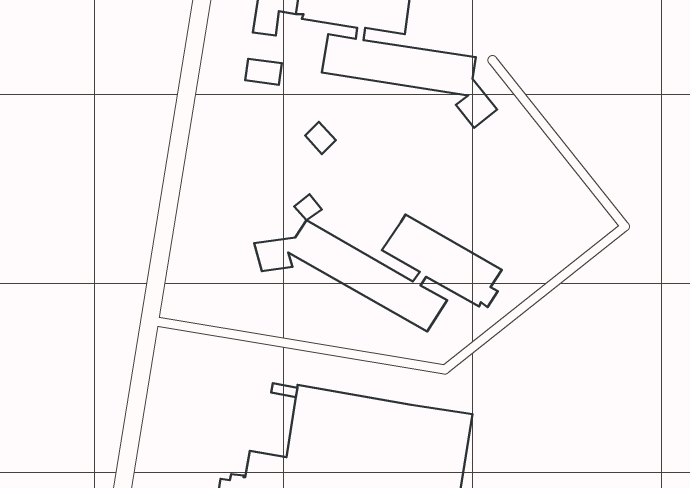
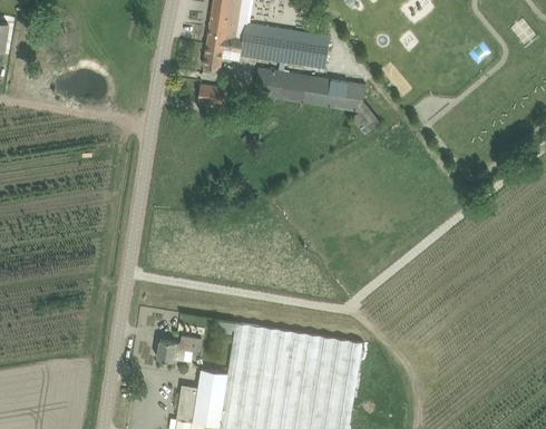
building: [254,215,502,331] -> none
building: none -> [157,335,197,361]

